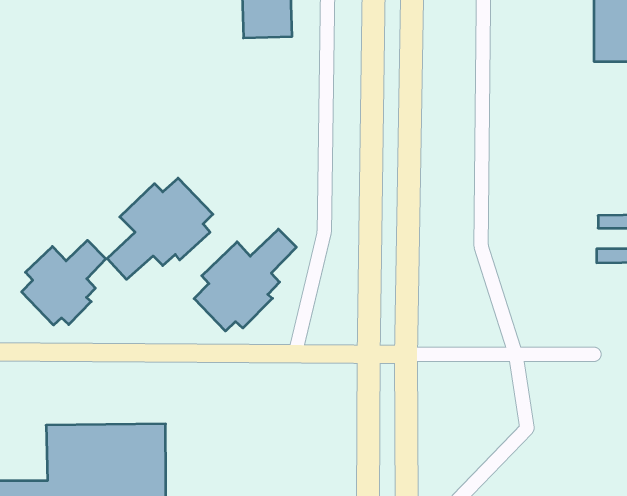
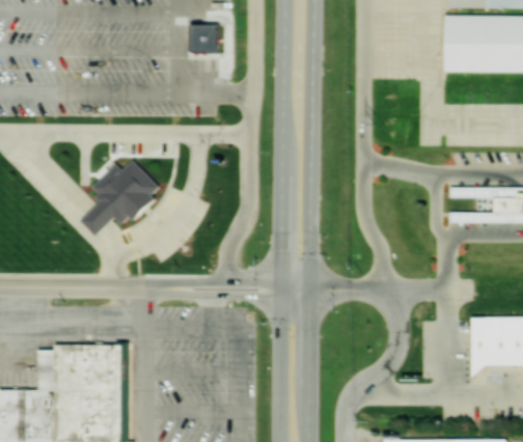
building: [194,229,296,331] -> none
building: [22,240,106,325] -> none

